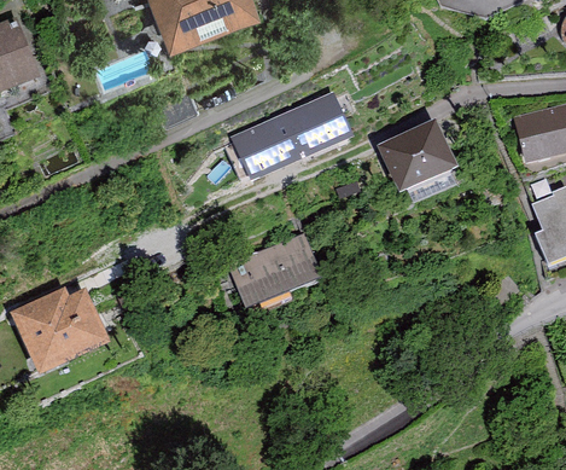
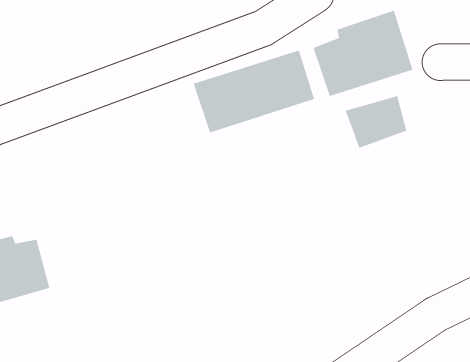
building: none -> [313,10,413,97]
building: [235,236,323,301] -> none

